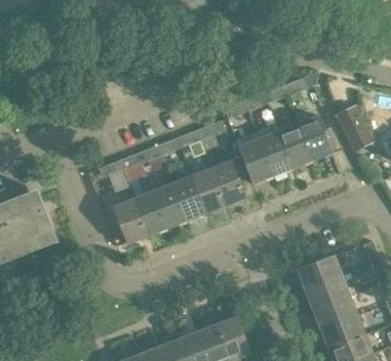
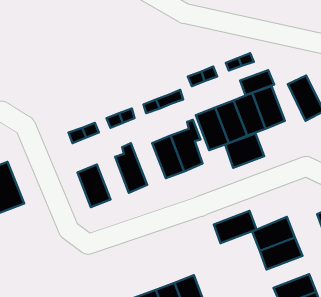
building: none -> [240,70,274,95]
building: none -> [225,134,264,168]
building: [171,170,205,220] -> none
building: [132,191,166,236] -> none
building: [312,295,357,329] -> [214,211,256,243]

